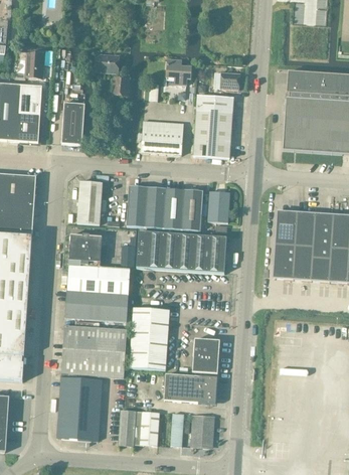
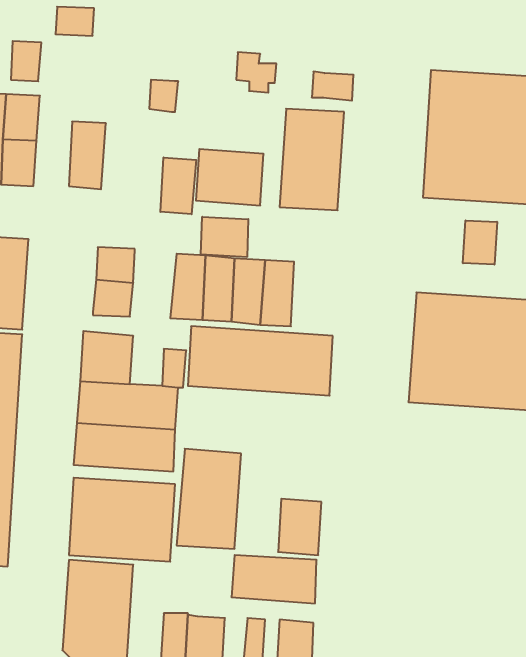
building: [95,53,119,71] -> [55,7,94,36]
building: none -> [160,157,196,214]
building: none -> [201,217,248,257]
building: none -> [463,220,497,265]
building: [207,189,229,221] -> none

